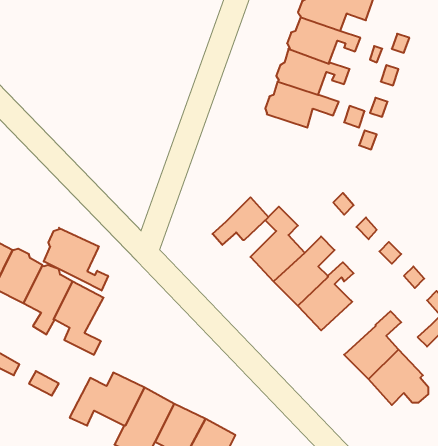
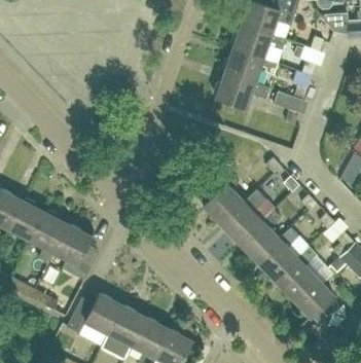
building: [212,197,268,245] -> none
building: [44,228,108,291] -> none
building: none -> [256,228,298,280]

